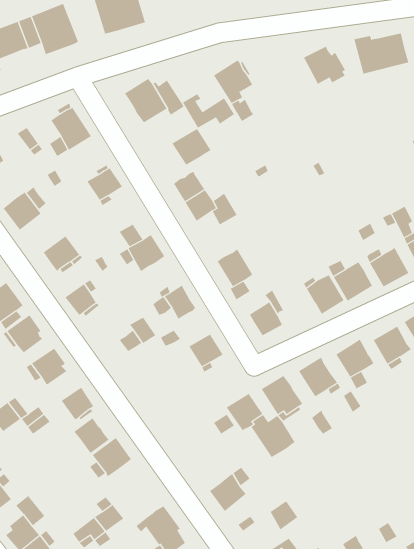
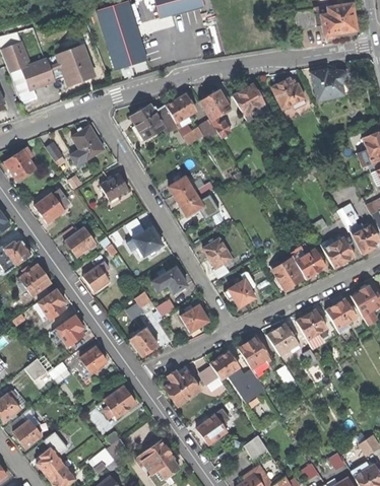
building: none -> [233,83,268,121]
building: [172,128,212,166] -> [165,93,196,123]
building: [73,418,109,454] -> [130,328,159,356]
building: none -> [165,370,200,405]

